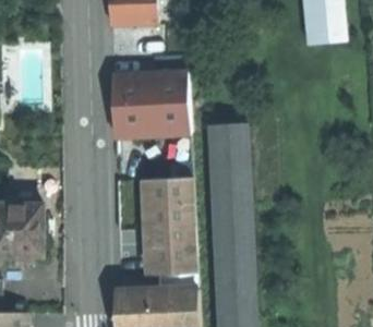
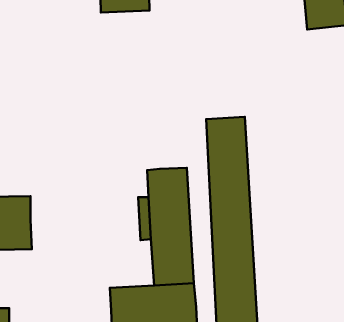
building: [109,72,190,136] -> none

